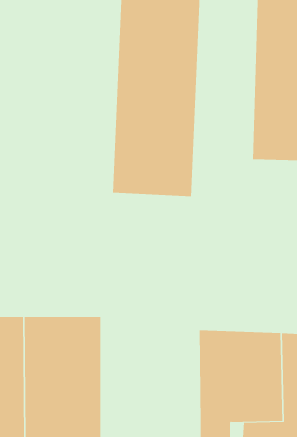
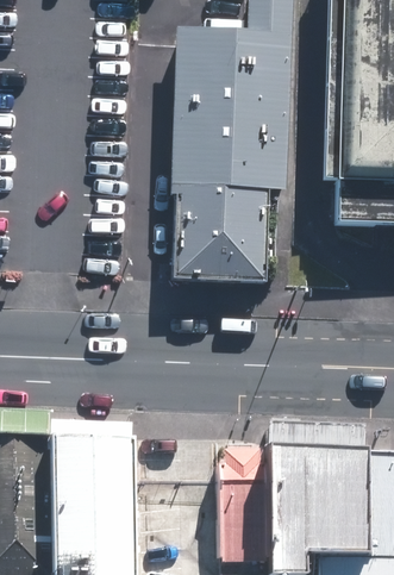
building: none -> [219,445,269,557]

